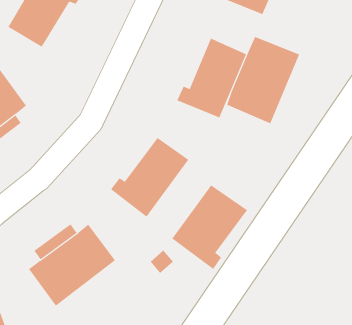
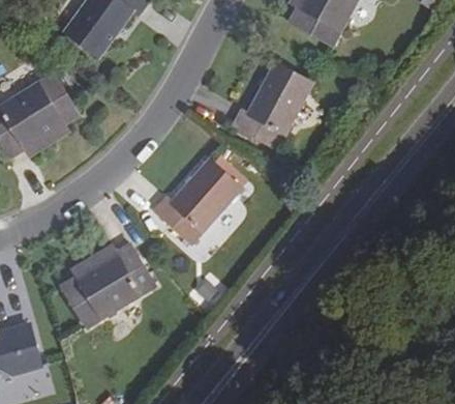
building: [226,36,300,124] -> none
building: [171,185,248,270] -> none

